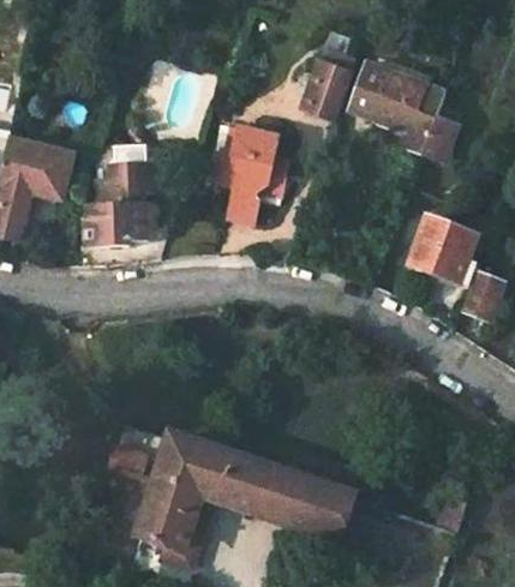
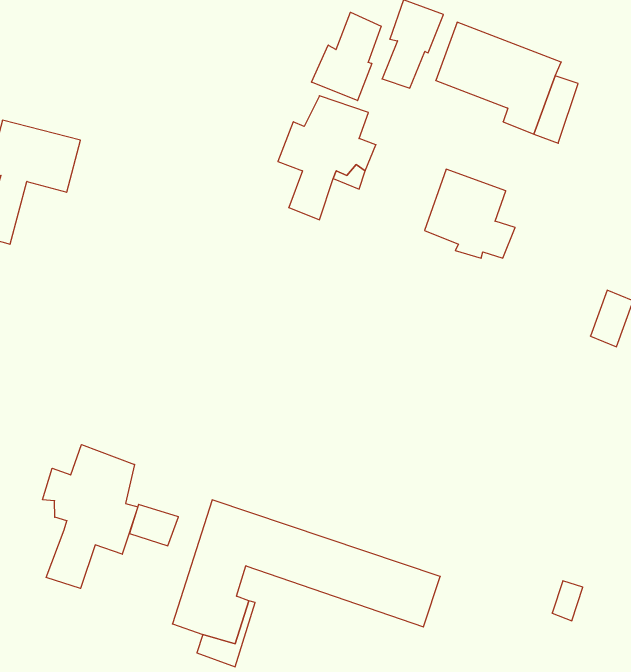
building: none -> [312,12,381,101]
building: [82,162,152,248] -> none
building: [408,215,479,284] -> [425,169,515,258]
building: none -> [43,445,138,588]

